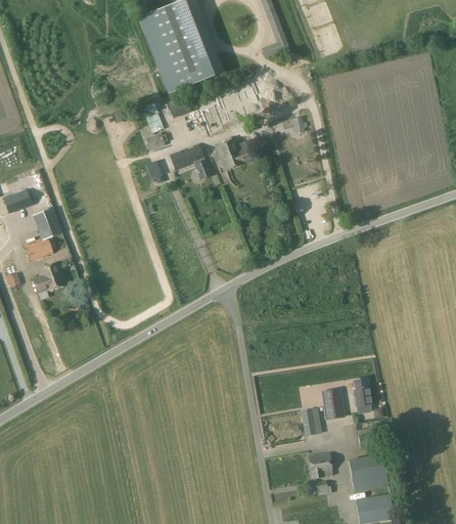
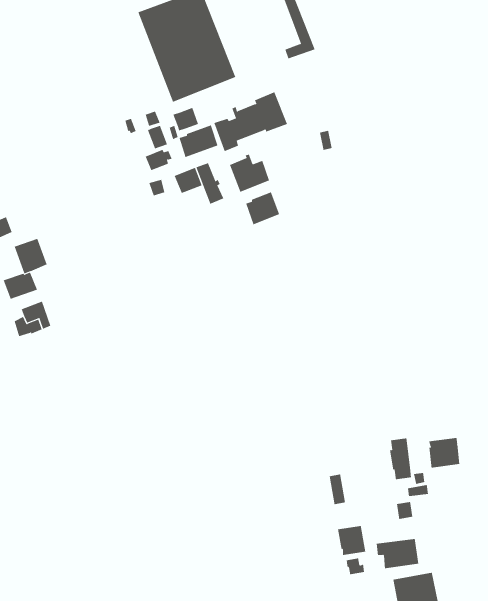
building: none -> [179,125,218,158]
building: none -> [245,191,280,225]
building: none -> [428,437,460,468]
building: [322,388,345,419] -> none

